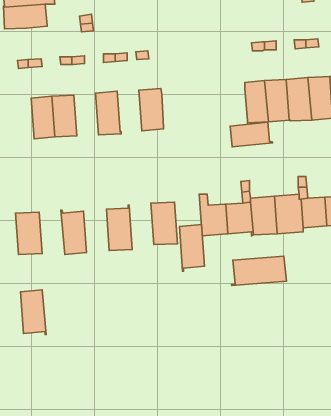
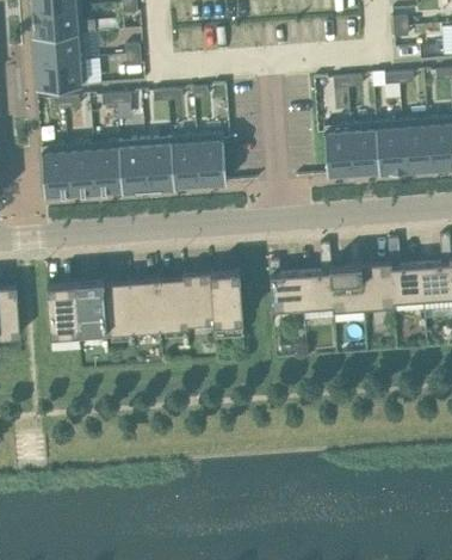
building: none -> [33,62,86,92]
building: none -> [169,140,199,190]
building: none -> [117,143,147,196]
building: none -> [41,149,69,199]
building: [230,122,272,147] -> none
building: none -> [129,283,160,336]
building: [180,225,204,271] -> [184,276,213,332]
building: [232,256,286,286] -> none
building: [20,290,46,334] -> [75,284,106,338]

